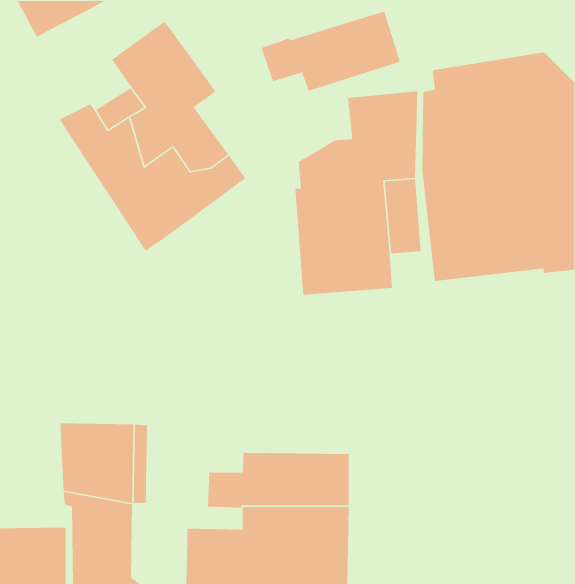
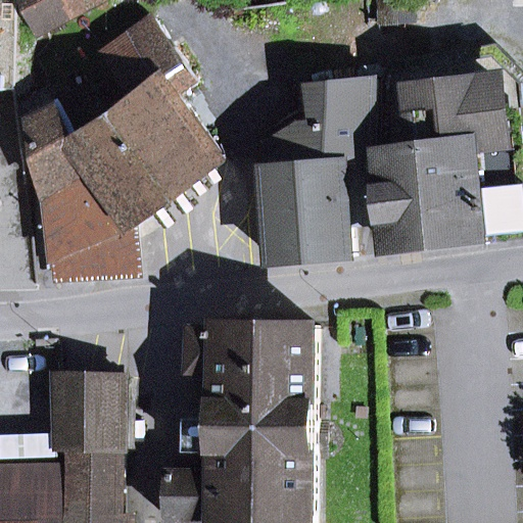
building: [261,11,401,92] -> none
building: none -> [22,107,135,281]
building: none -> [187,328,313,406]

